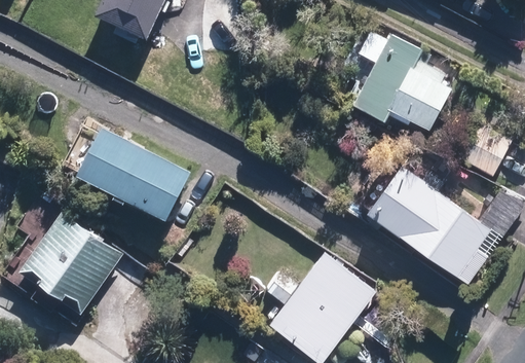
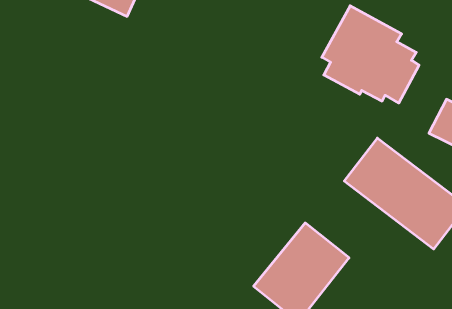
building: [73,128,185,221] -> none
building: [20,213,116,311] -> none

